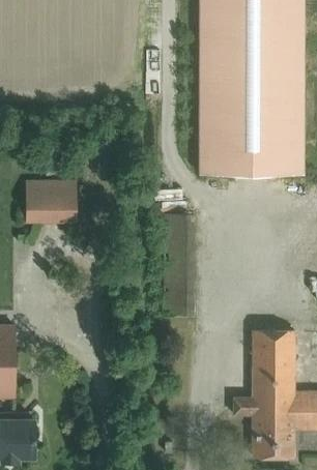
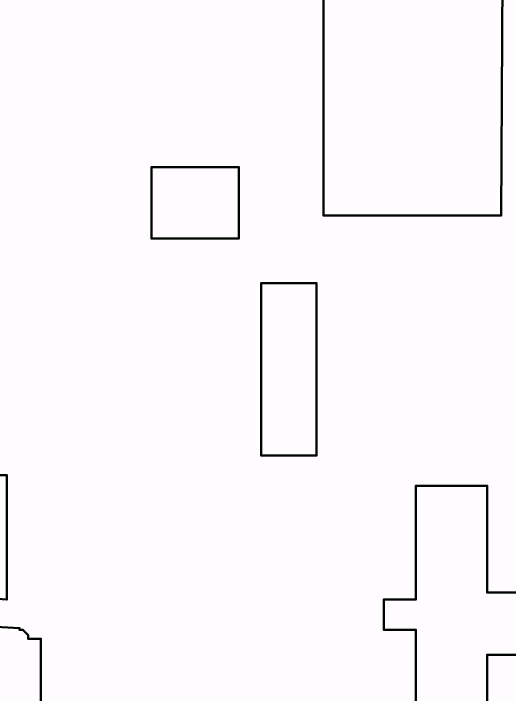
building: [26,181,77,223] -> [152,167,239,238]

